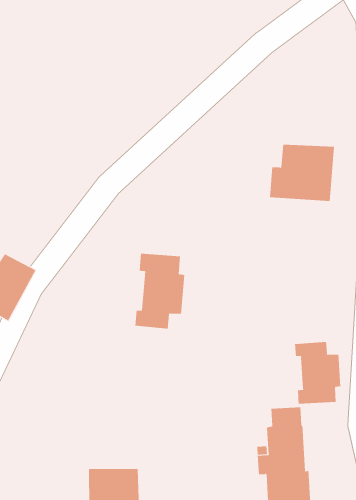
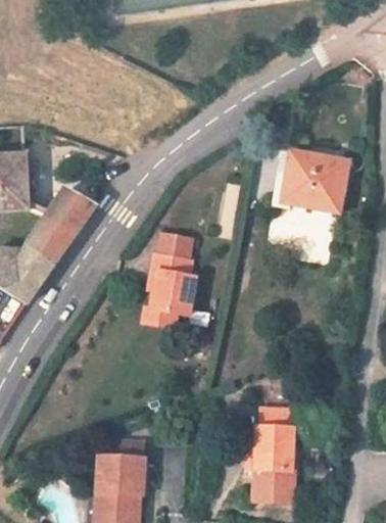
building: none -> [29,189,92,256]
building: [295,341,341,405] -> none

